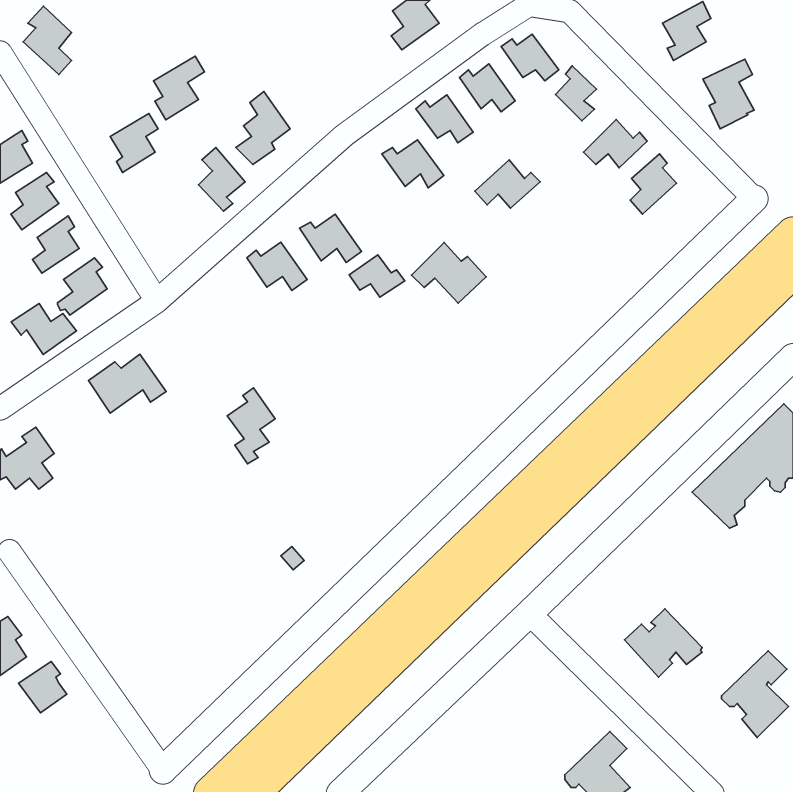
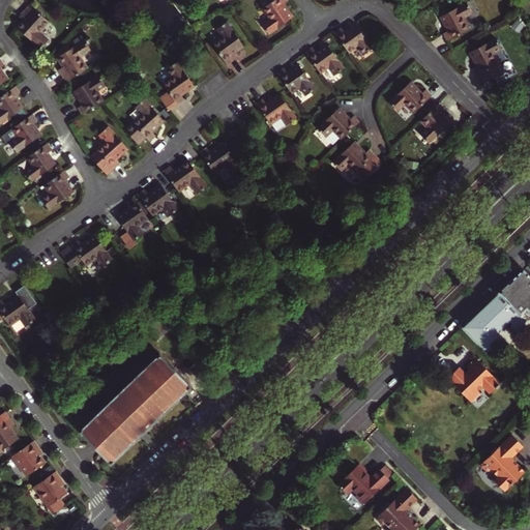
building: none -> [211,22,243,65]
building: [153,56,205,120] -> [58,40,92,83]
building: [555,66,596,121] -> none
building: none -> [90,127,127,175]
building: [412,243,486,303] -> [332,141,382,181]
building: [349,255,405,297] -> none
building: none -> [137,185,178,219]
building: [11,303,77,355] -> none
building: [227,388,275,464] -> [114,199,146,249]
building: none -> [80,356,188,464]
building: [624,609,702,677] -> [449,358,501,404]
building: none -> [337,465,389,505]
building: none -> [34,472,67,514]

